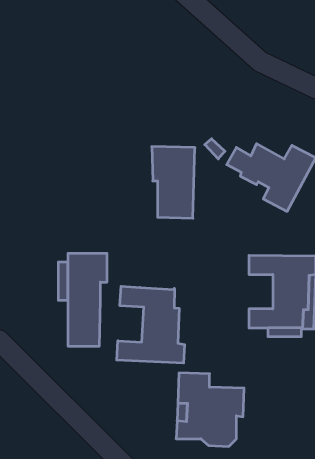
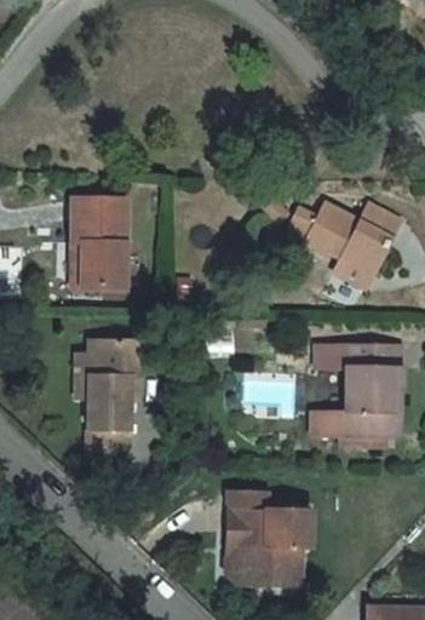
building: [152,147,195,218] -> [71,196,126,287]
building: [117,286,185,363] -> none

